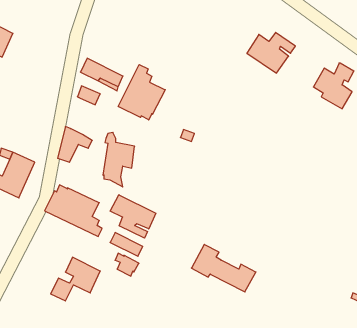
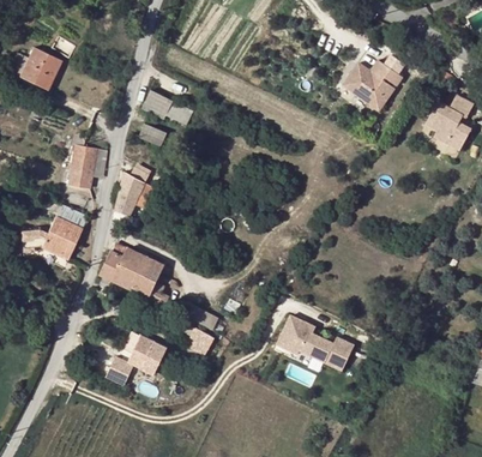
building: [118,65,165,120] -> none
building: [103,132,135,187] -> [67,133,106,199]
building: [110,195,156,238] -> none

